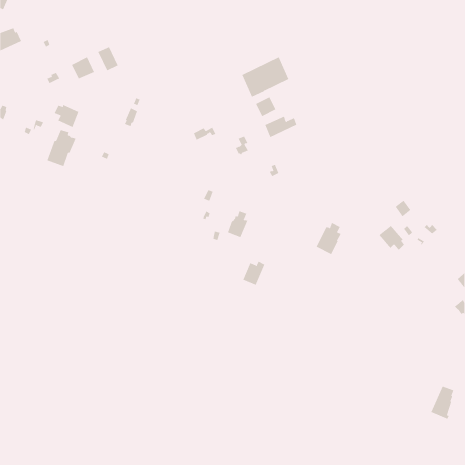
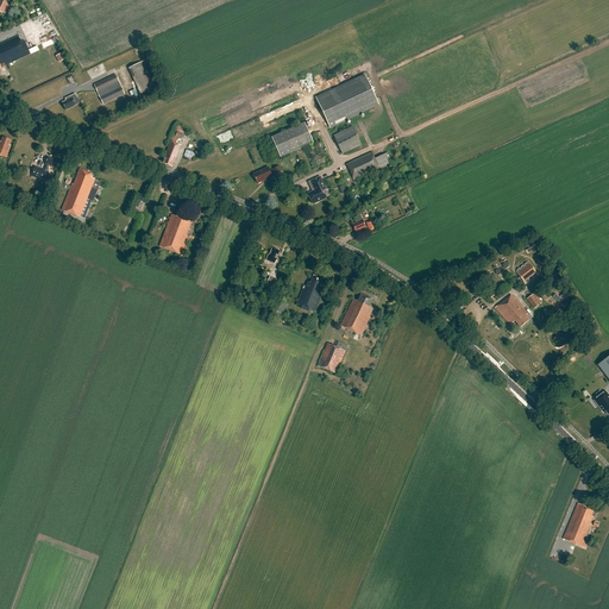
building: none -> [270,121,312,156]
building: [54,104,79,128] -> none
building: none -> [158,214,190,255]
building: [316,222,341,255] -> [339,293,372,335]

